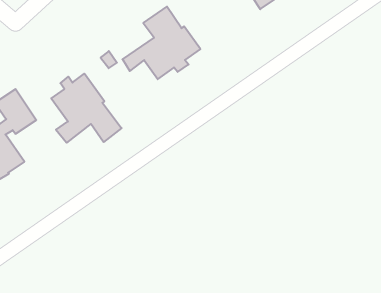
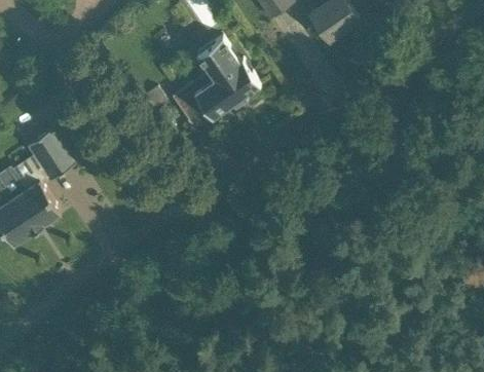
building: [51,74,122,143] -> none

